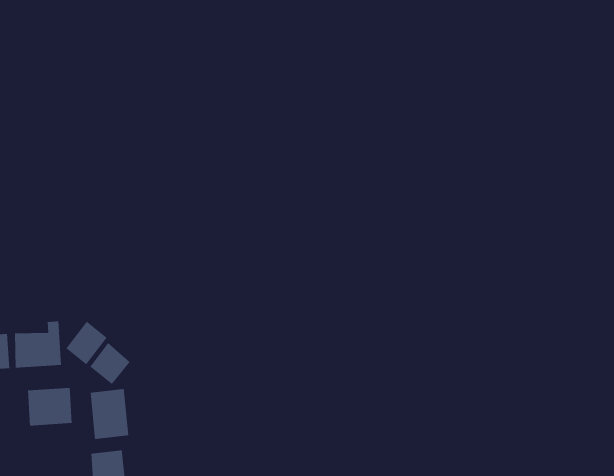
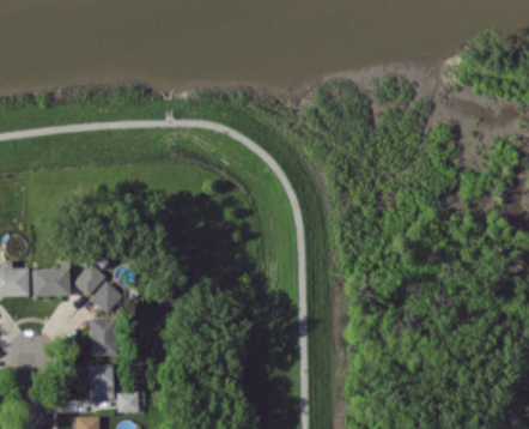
building: [28,387,72,426] -> none

